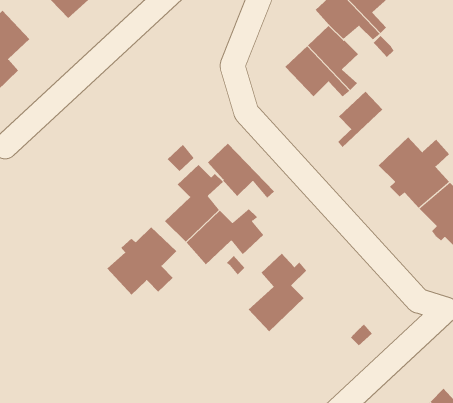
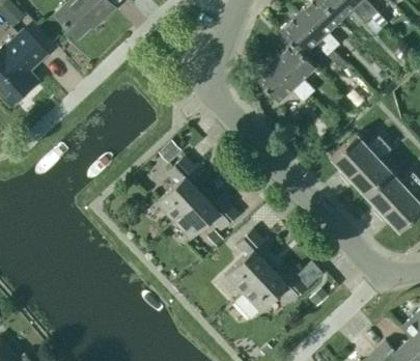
building: [337,91,383,148] -> none
building: [207,143,275,199] -> none
building: [107,227,177,295] -> none
building: none -> [234,267,307,320]

